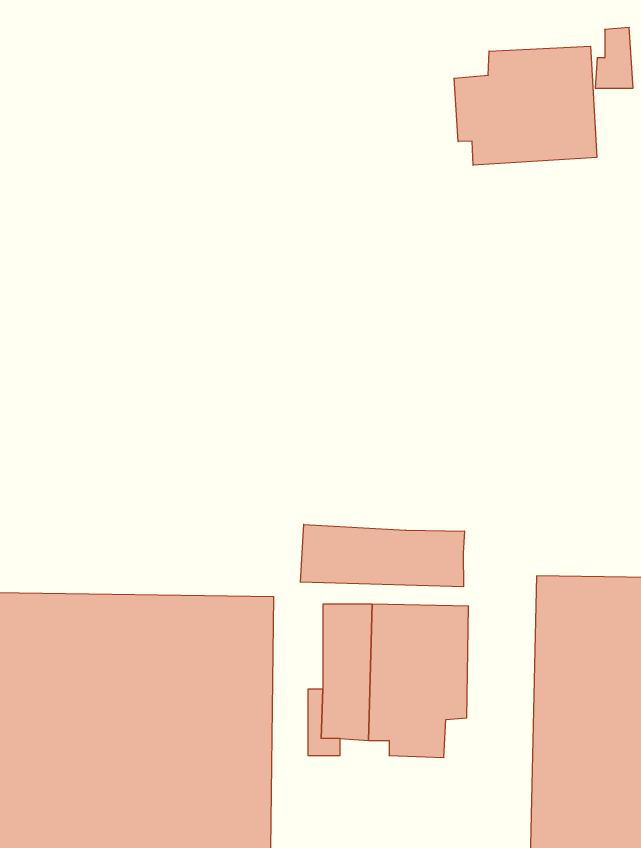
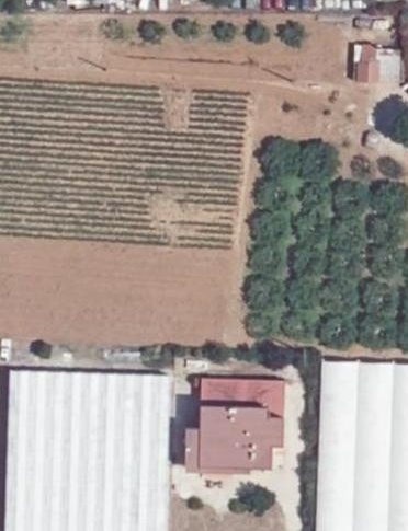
building: [454,46,597,165] -> none
building: [301,524,464,587] -> none

